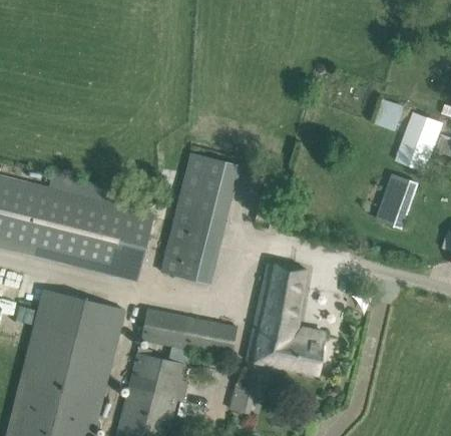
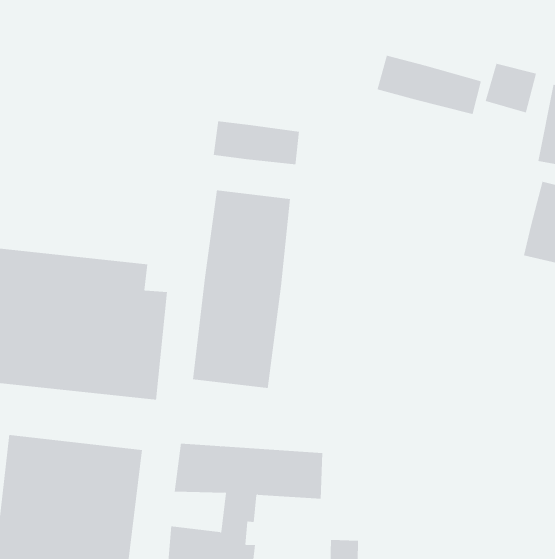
building: none -> [377,55,481,115]
building: none -> [213,120,300,165]
building: [248,264,324,375] -> none

